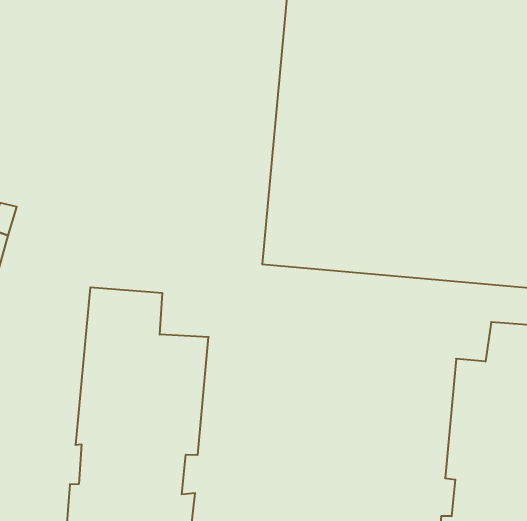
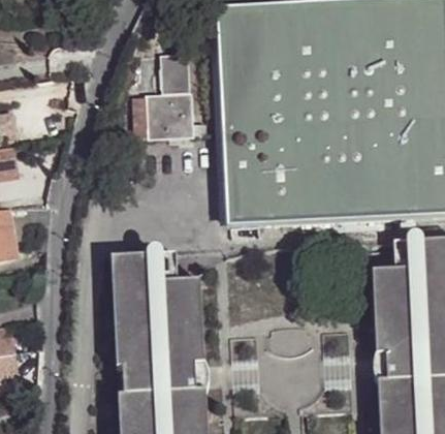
building: none -> [127,54,204,140]

